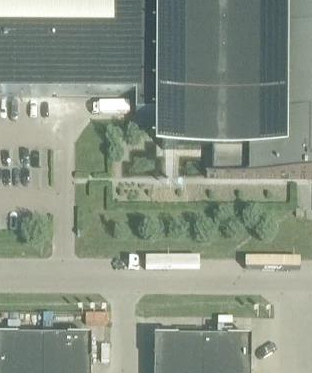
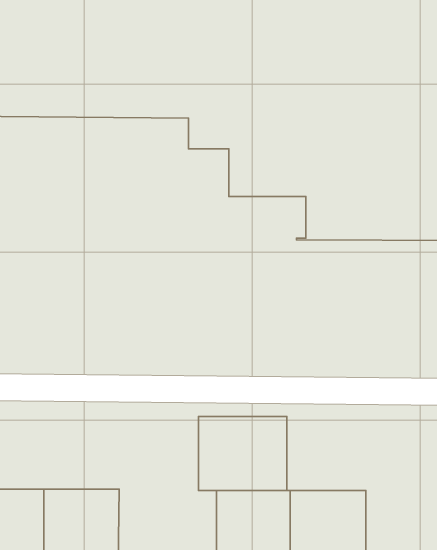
building: none -> [198,416,287,491]

